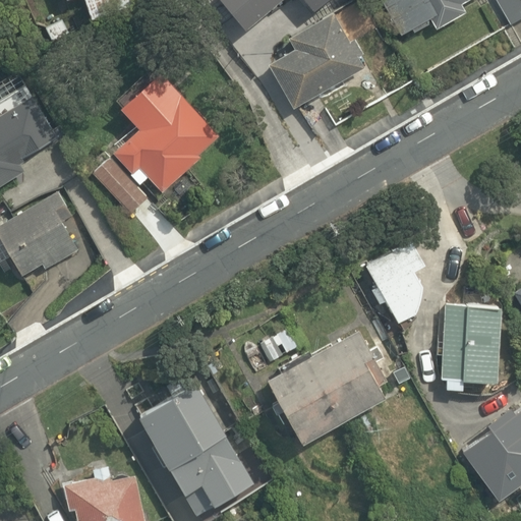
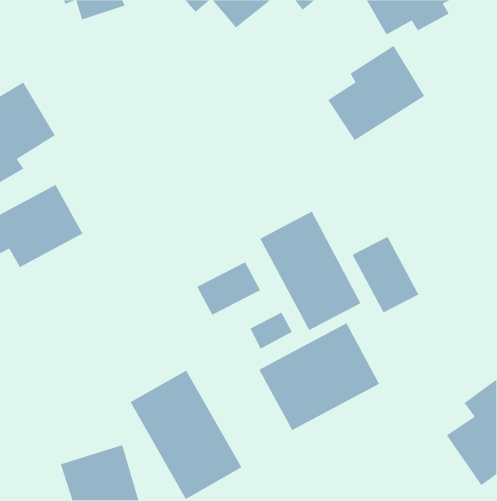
building: [264,12,365,112] -> [327,45,425,141]
building: [86,69,224,205] -> none
building: none -> [259,211,362,331]
building: none -> [196,261,261,316]
building: [438,306,510,392] -> none

